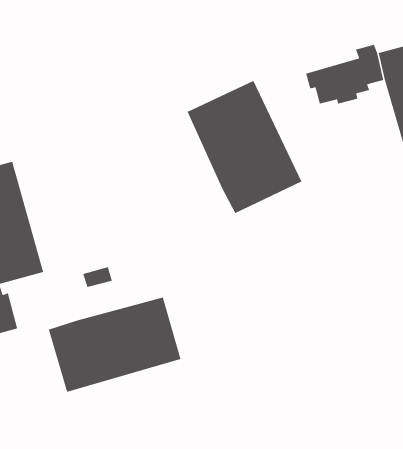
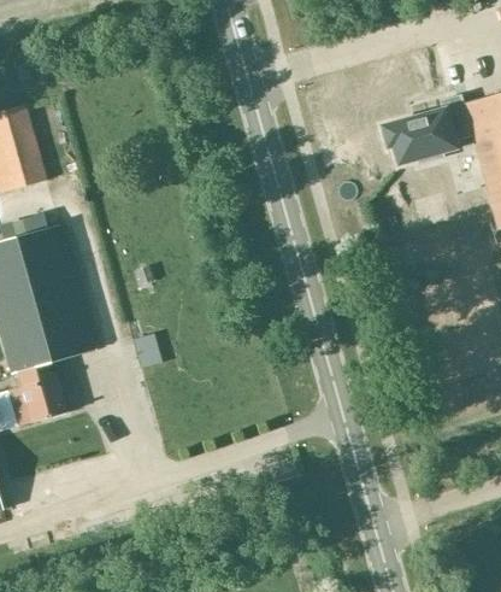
building: [187,80,303,214] -> none
building: [48,296,182,393] -> none

